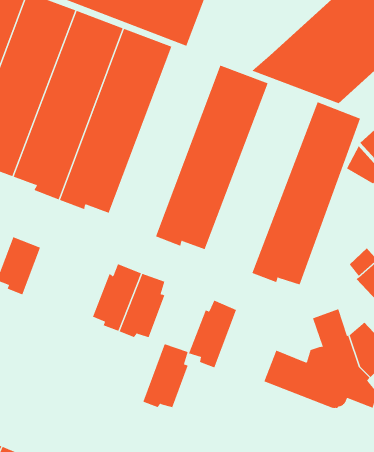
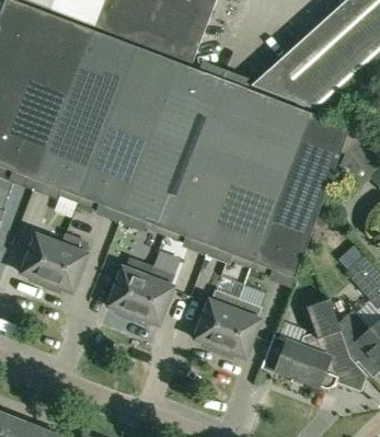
building: none -> [123,61,222,232]
building: none -> [209,94,310,265]
building: none -> [45,232,87,290]
building: [142,343,189,408] -> [218,298,260,356]

